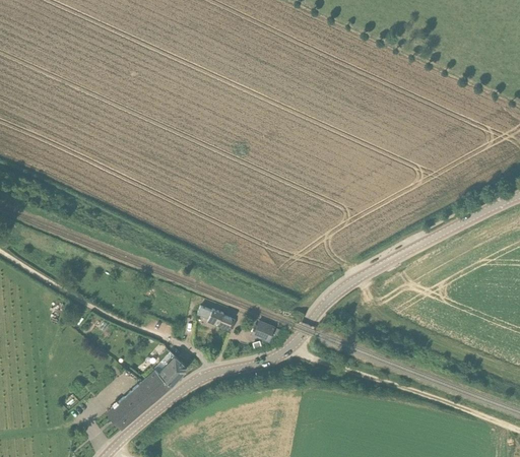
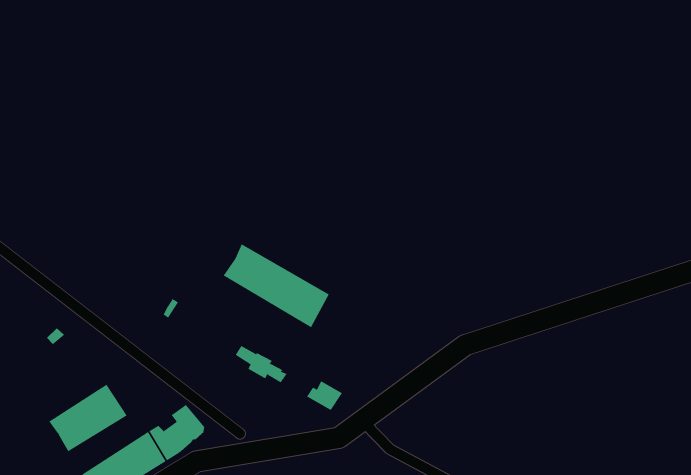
building: none -> [223,244,330,328]
building: none -> [48,384,128,452]

